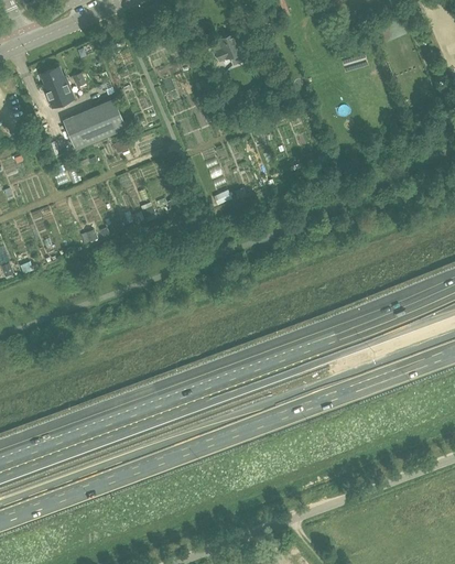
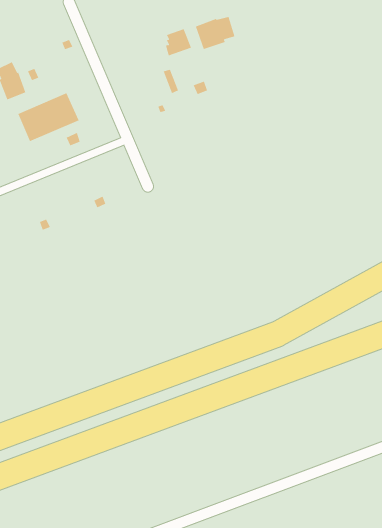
building: none -> [195,16,235,50]

